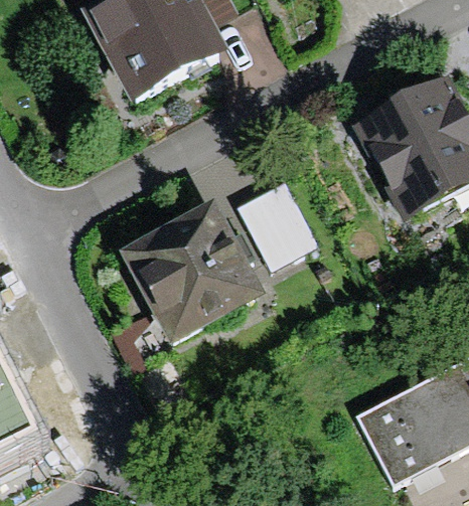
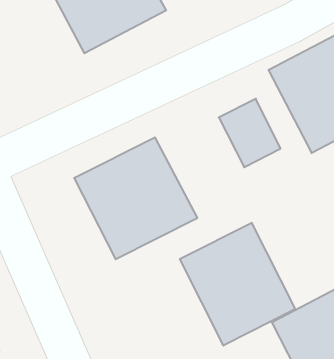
building: [239,187,312,269] -> [219,99,280,167]
building: none -> [180,223,295,346]

